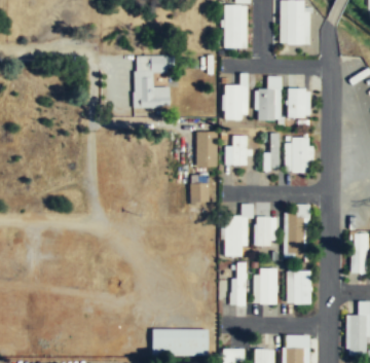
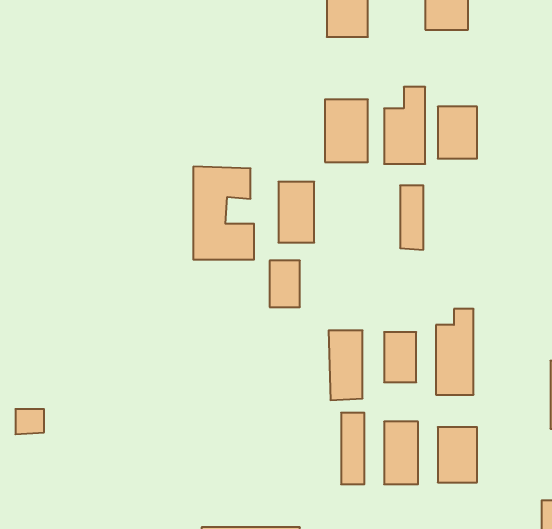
building: [134,55,169,108] -> [193,167,254,260]
building: [225,135,248,164] -> none
building: [285,136,310,172] -> none

